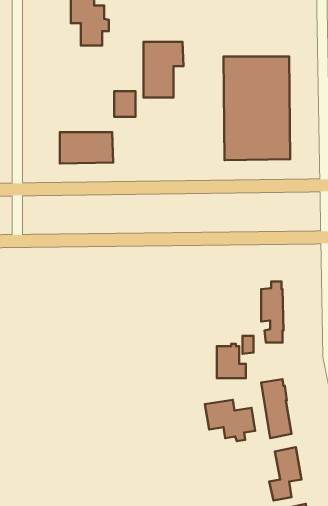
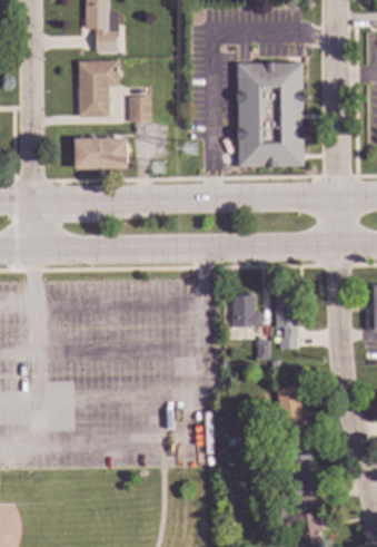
building: [143,42,184,97] -> [78,61,118,117]
building: [217,344,246,378] -> [231,293,260,328]
building: [205,400,255,441] -> none

